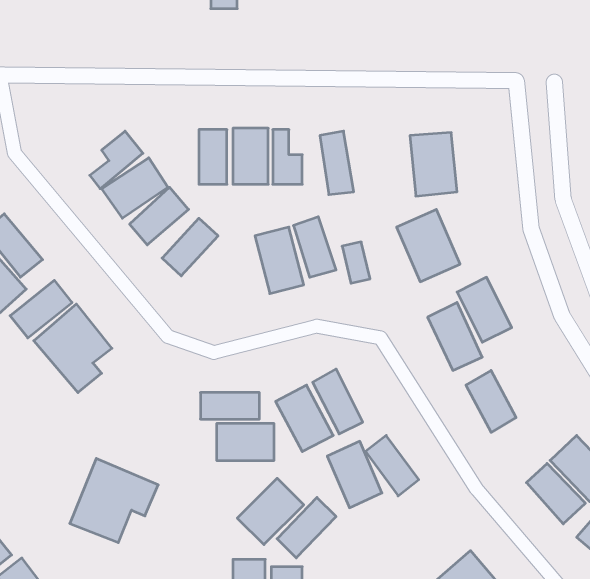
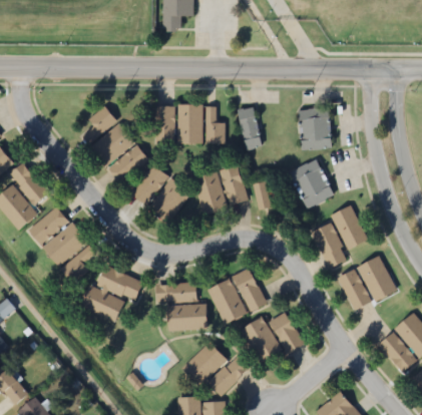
building: none -> [148,178,190,225]
building: none -> [357,256,396,301]
building: [70,458,158,543] -> [83,264,143,321]

